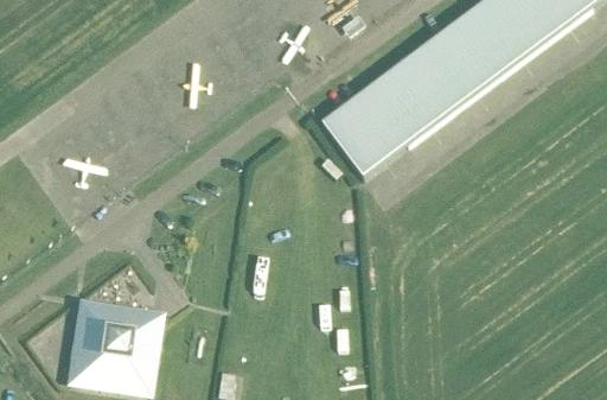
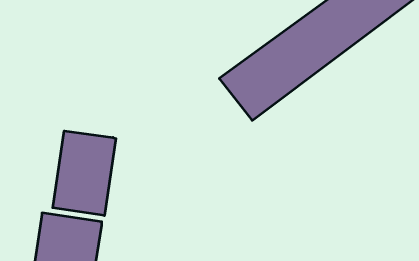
building: none -> [53,131,116,216]

